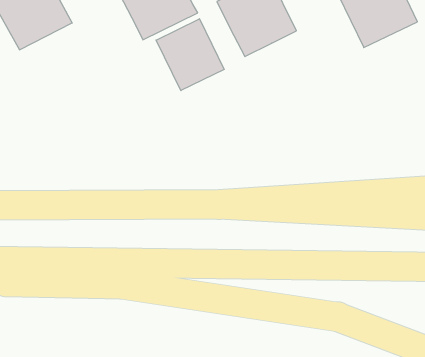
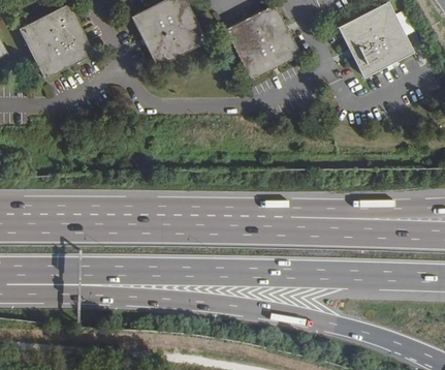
building: [156,19,224,91] -> none

